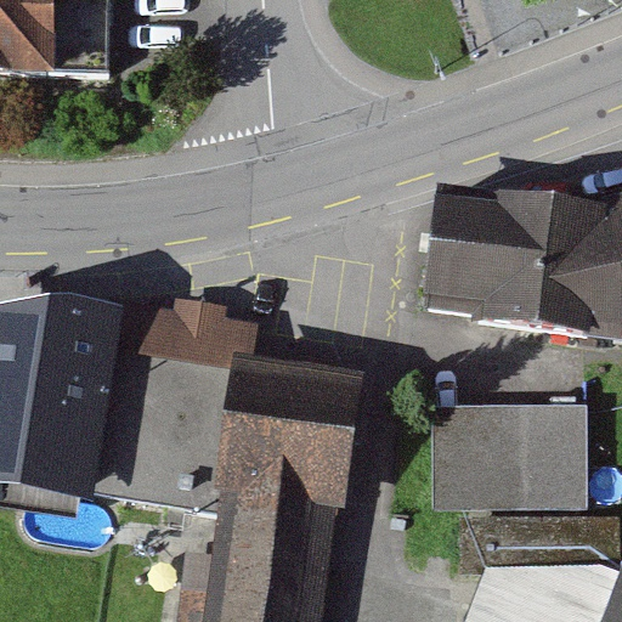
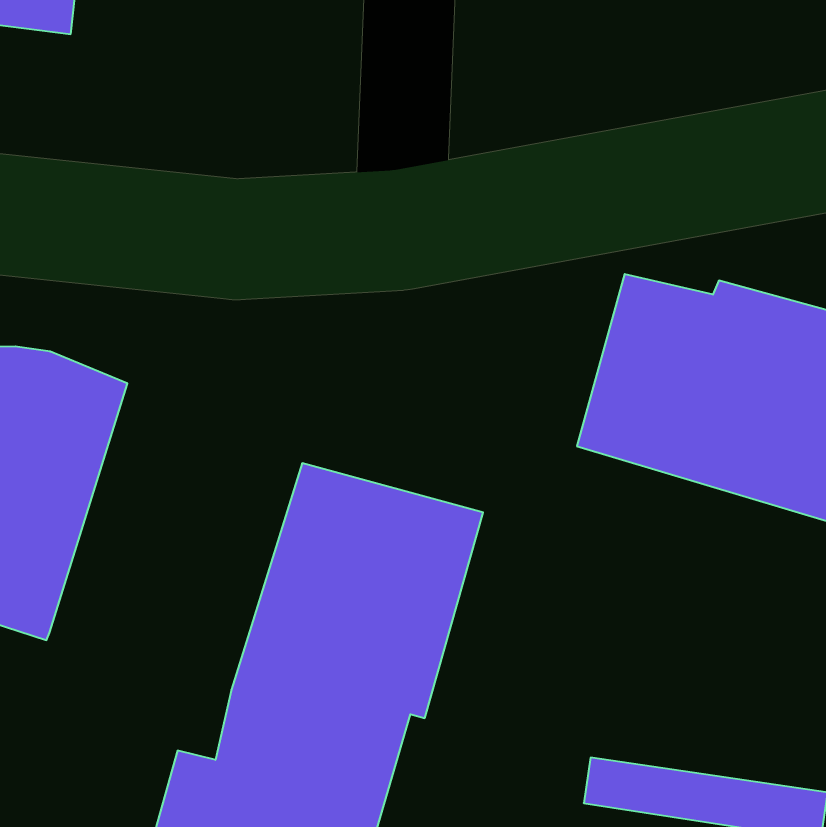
building: [94,307,244,507] -> none
building: [431,401,590,510] -> none

